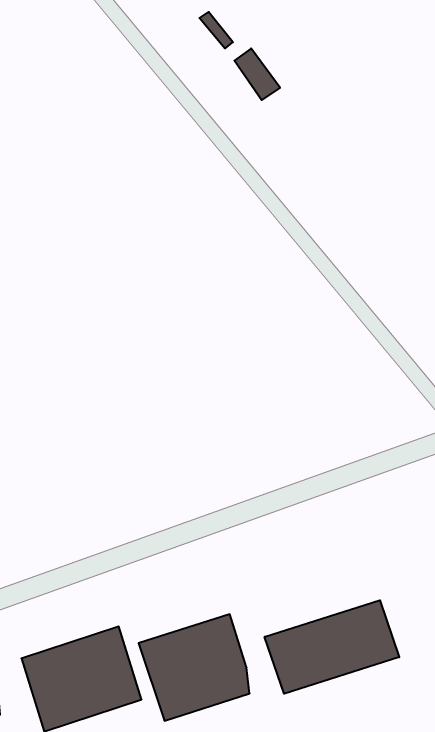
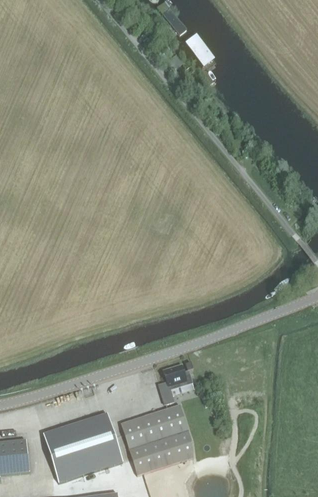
building: none -> [157,364,192,405]
building: [265,600,399,694] -> none

